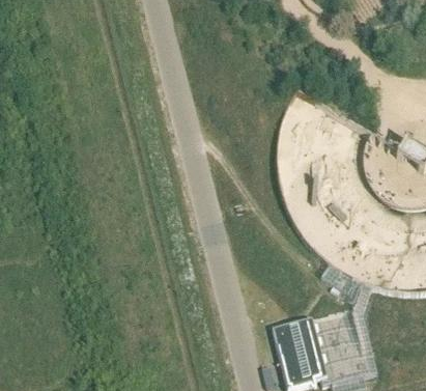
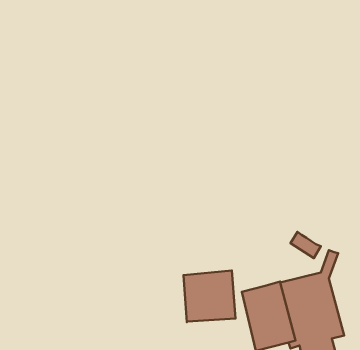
building: none -> [183,270,235,322]

